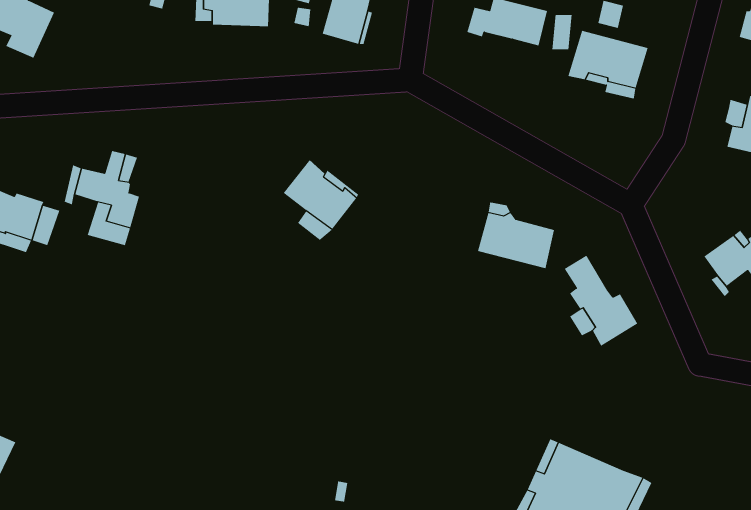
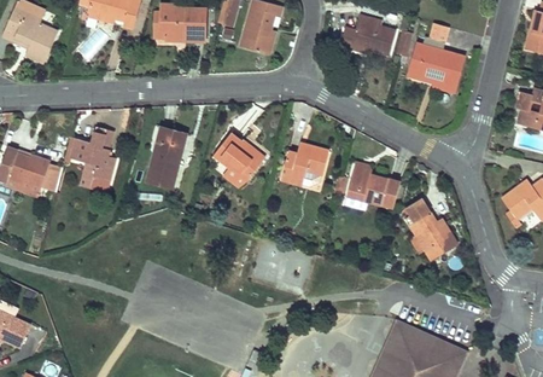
building: none -> [147,127,186,187]
building: none -> [280,144,329,185]

